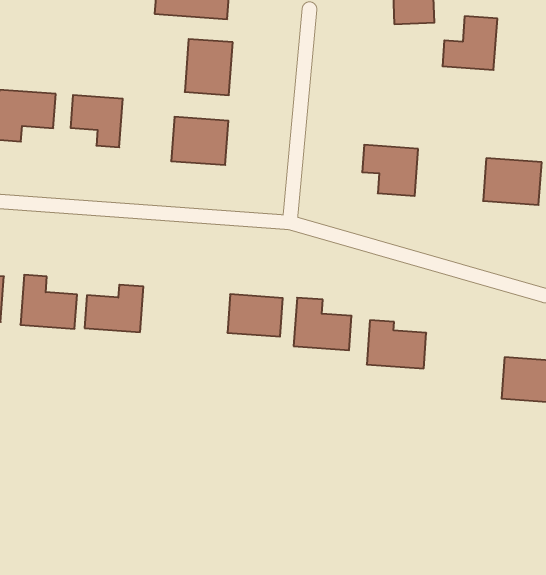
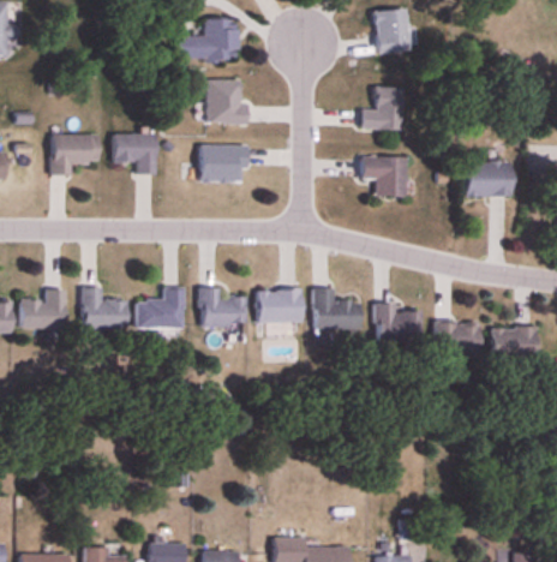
building: [442,16,497,70] -> [360,86,403,130]
building: none -> [200,287,247,325]
building: none -> [435,322,481,353]

